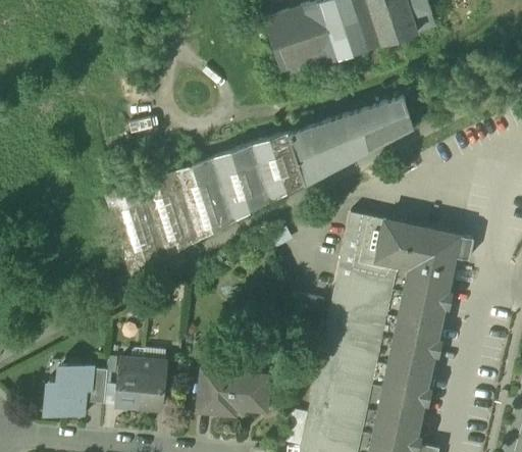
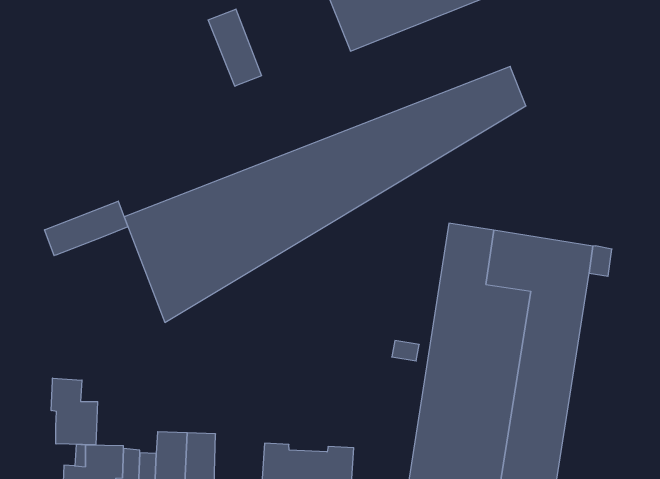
building: none -> [208,9,261,86]
building: none -> [45,201,128,256]
building: none -> [51,378,98,445]

